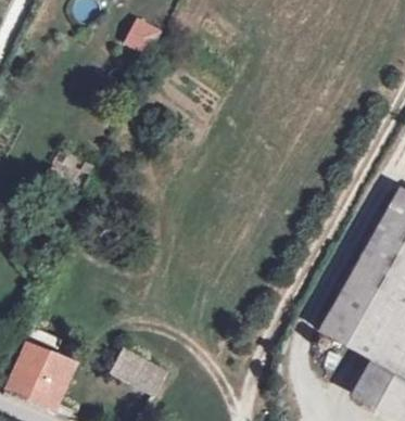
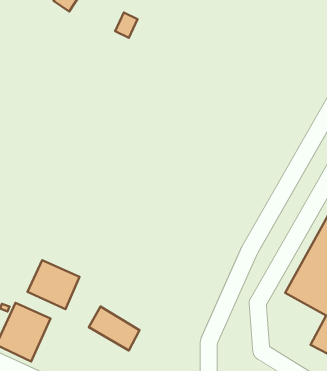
building: none -> [28,260,79,309]

